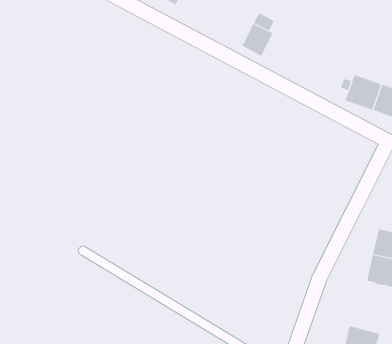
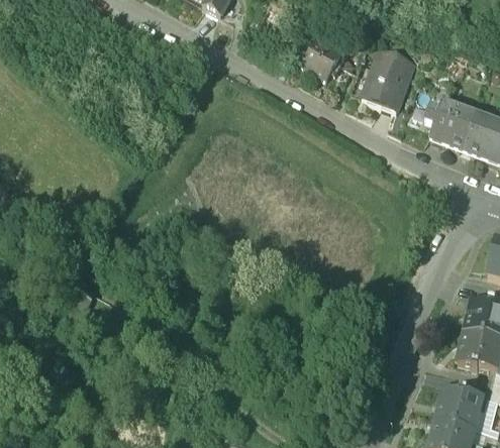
building: none -> [361,45,414,110]
building: none -> [435,384,482,426]

